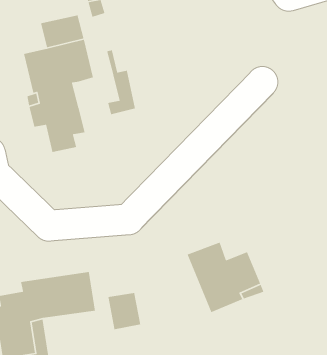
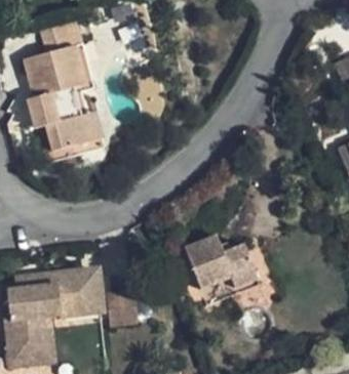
building: [106,50,136,115] -> [73,85,102,149]

